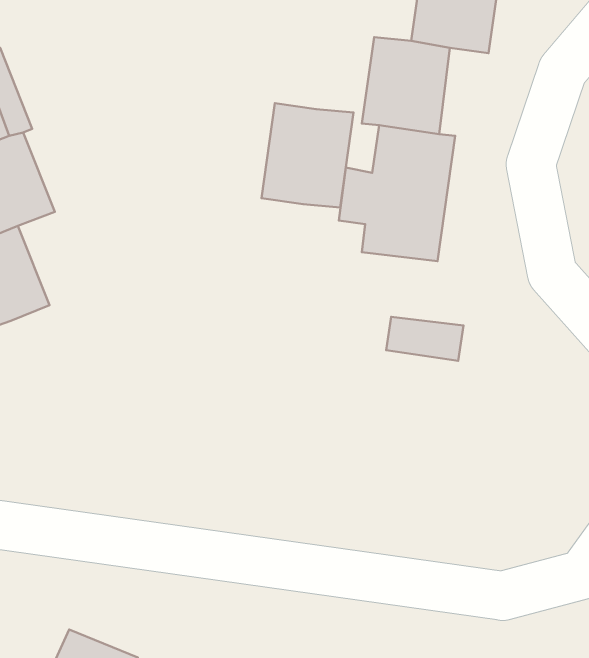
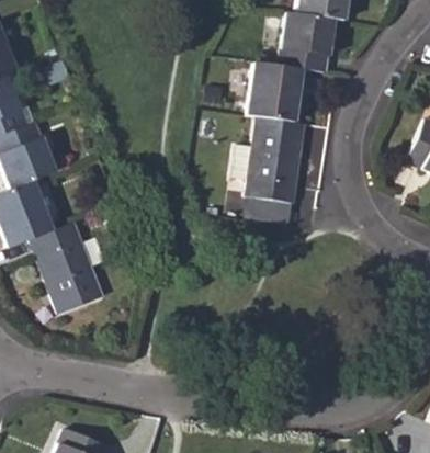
building: [262,103,353,208] -> none
building: none -> [30,218,105,313]
building: [386,317,464,361] -> [245,195,293,223]

